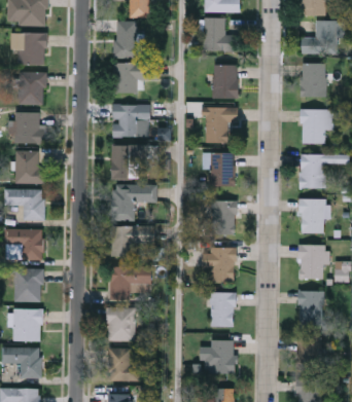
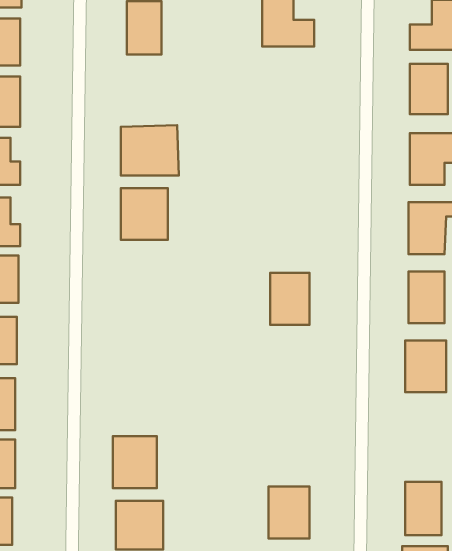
building: [113,63,157,93] -> none
building: [212,65,238,99] -> none
building: [204,107,238,143] -> none
building: [209,153,234,186] -> none
building: [110,184,156,221] -> none
building: [110,225,154,257] -> none
building: [202,249,236,281] -> none
building: [110,267,150,300] -> none
building: [297,291,323,325] -> none
building: [210,293,235,327] -> none

